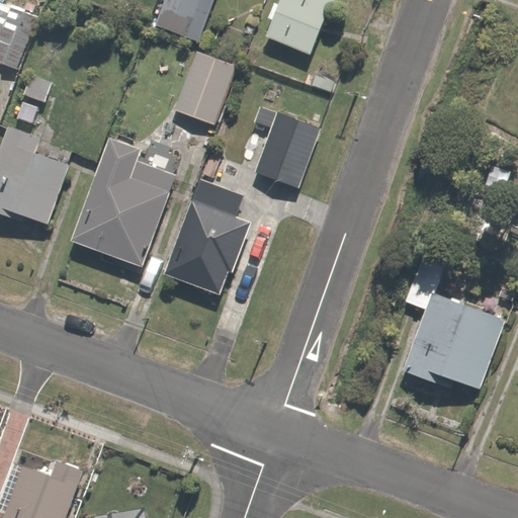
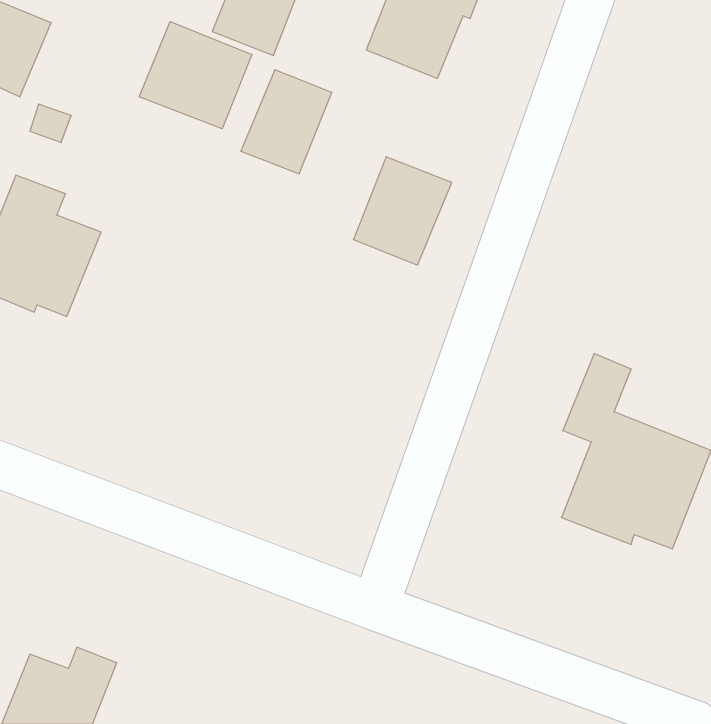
building: none -> [139,22,252,129]
building: [72,140,177,268] -> none
building: [162,182,253,294] -> none

